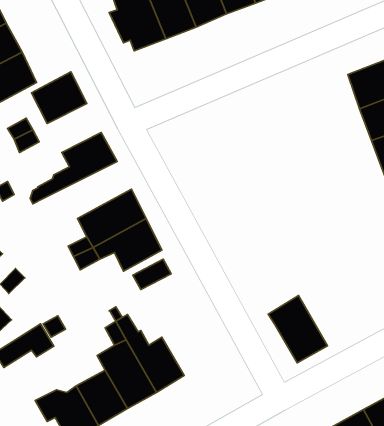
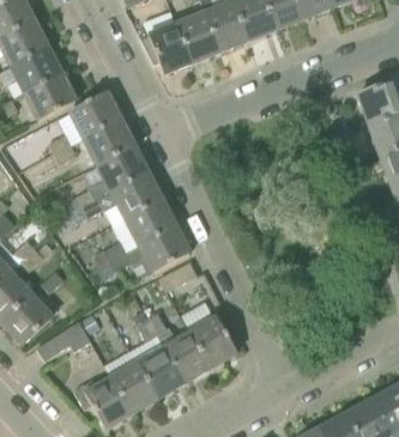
building: none -> [85,120,134,164]
building: none -> [72,172,162,224]
building: [268,296,327,363] -> [183,305,237,366]

